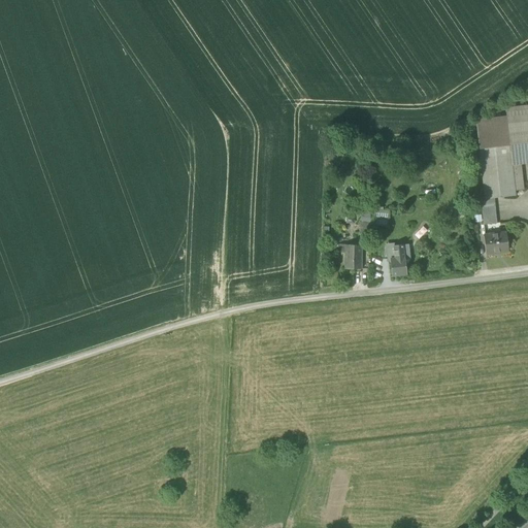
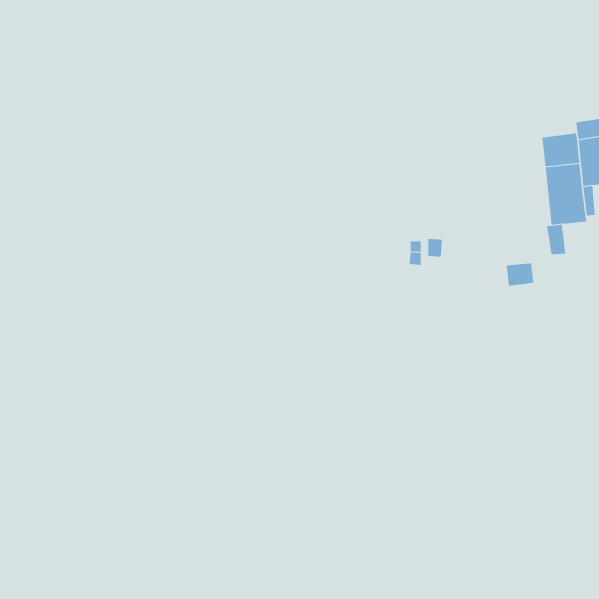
building: [485,232,509,253] -> [506,263,534,286]
building: [345,243,362,268] -> none
building: [391,245,407,275] -> none

